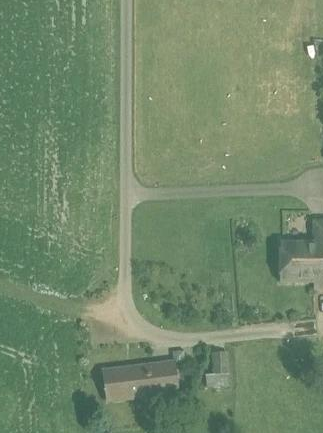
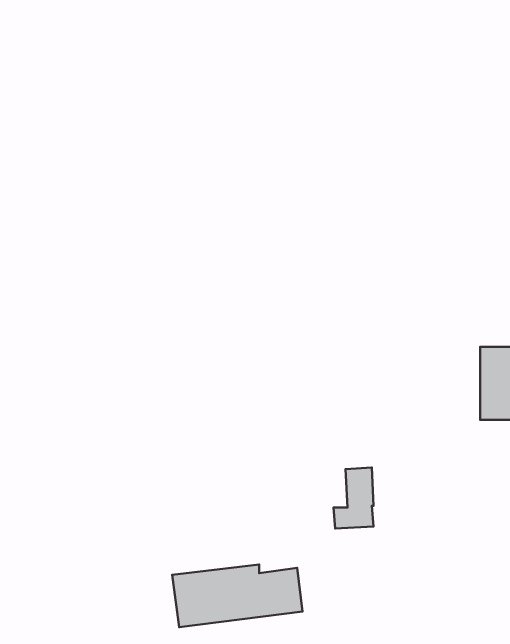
building: [206,351,229,386] -> [333,467,373,528]

